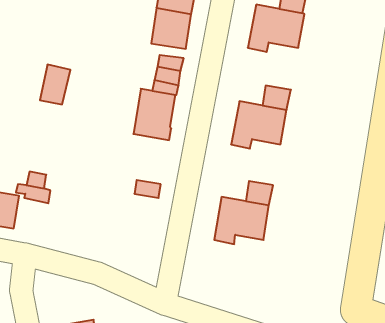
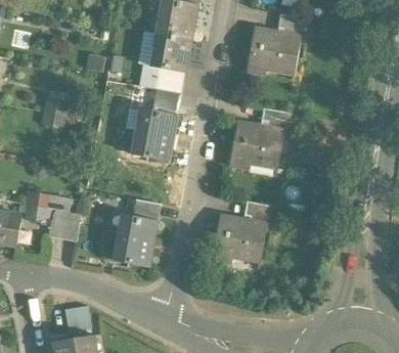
building: none -> [142,65,184,89]
building: none -> [49,210,81,241]
building: none -> [114,216,156,266]
building: none -> [64,306,91,332]

